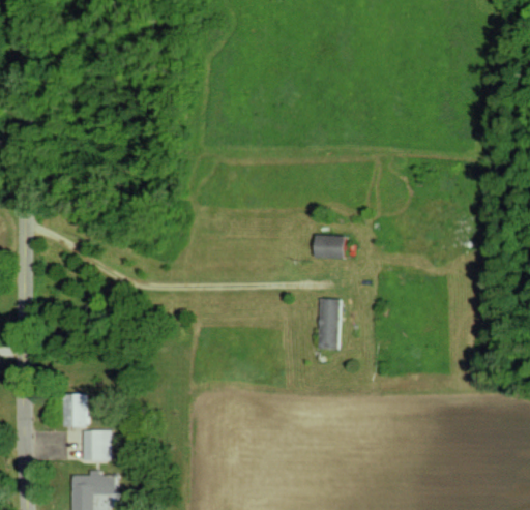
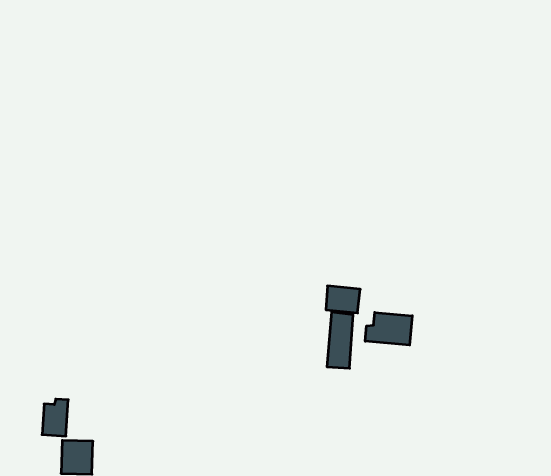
building: [317,235,347,258] -> [326,286,360,313]
building: none -> [365,312,412,345]

